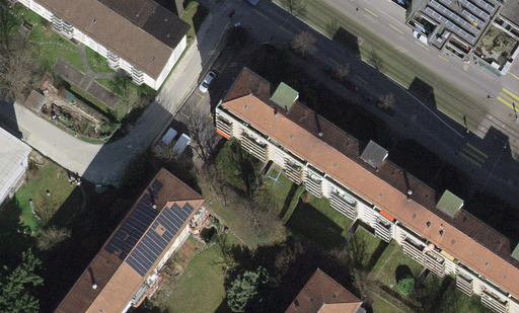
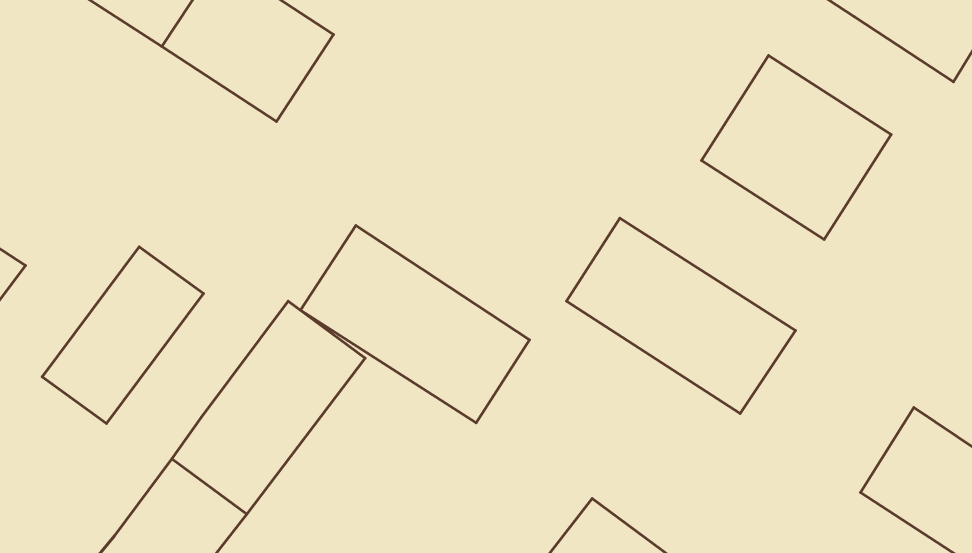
building: none -> [701,56,891,239]
building: [216,67,333,168] -> [301,225,530,423]
building: none -> [42,247,203,424]
building: [395,183,485,266] -> none

